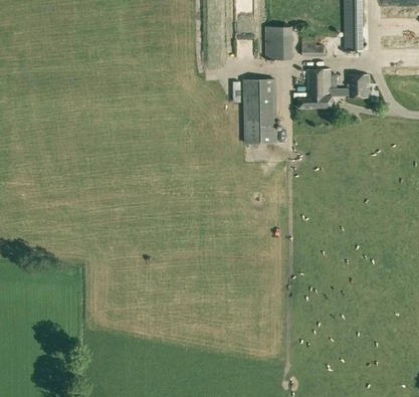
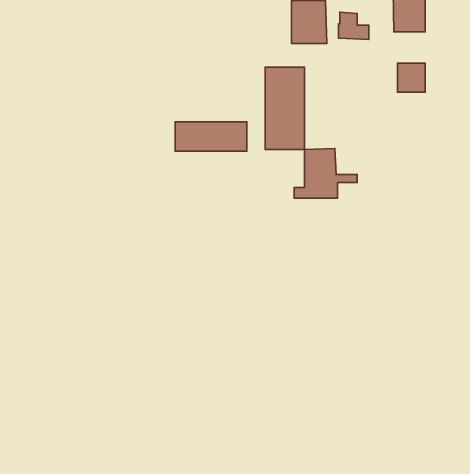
building: [298,68,347,107] -> [294,148,357,198]
building: none -> [175,122,247,151]

